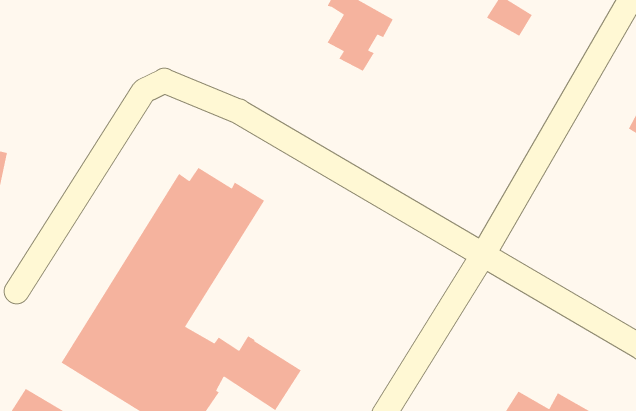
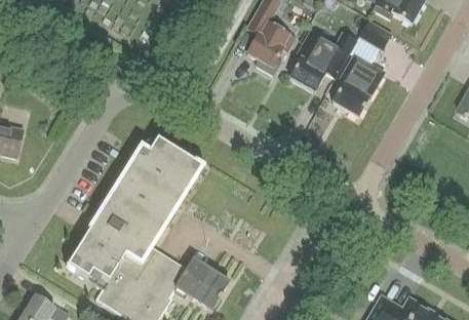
building: none -> [289,32,356,91]
building: none -> [333,53,385,116]

